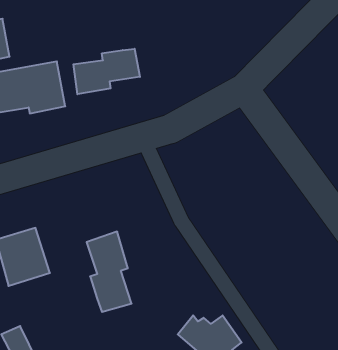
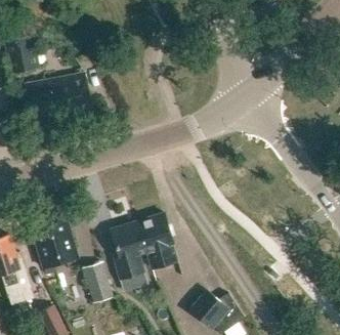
building: [73,49,140,94] -> none
building: none -> [137,212,177,268]
building: none -> [81,259,112,301]

